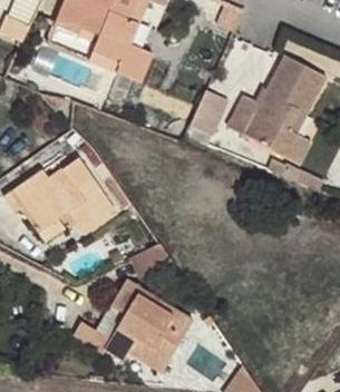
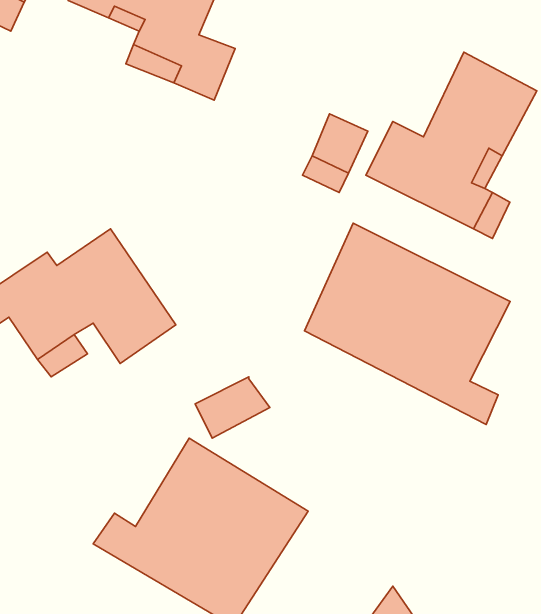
building: none -> [304,223,510,425]

